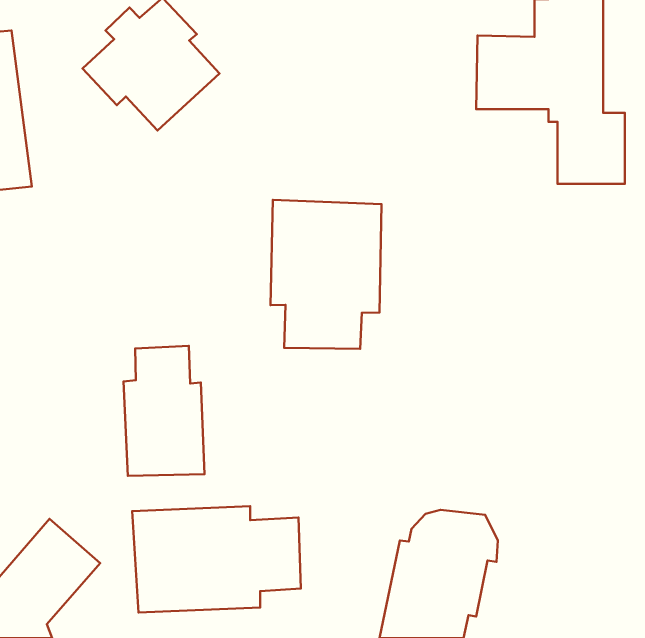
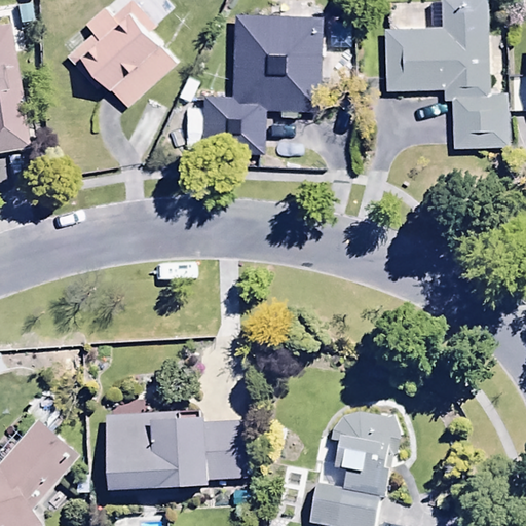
building: none -> [203,12,321,151]
building: [271,200,382,349] -> none
building: [123,346,205,476] -> none

